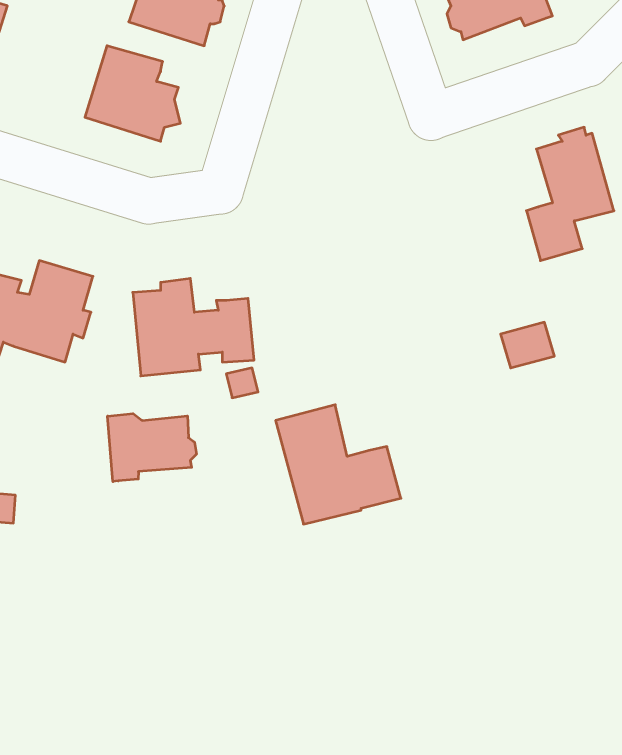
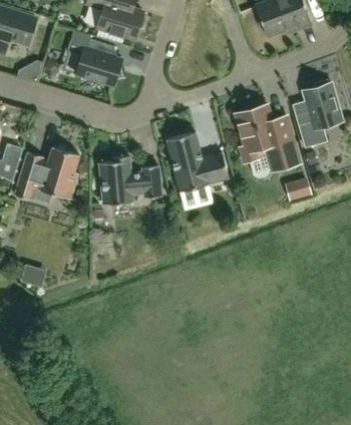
building: none -> [236,104,299,170]
building: [276,405,401,524] -> [165,131,229,191]
building: [108,414,196,482] -> none

